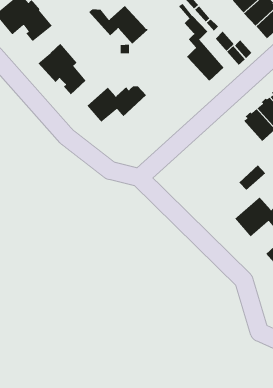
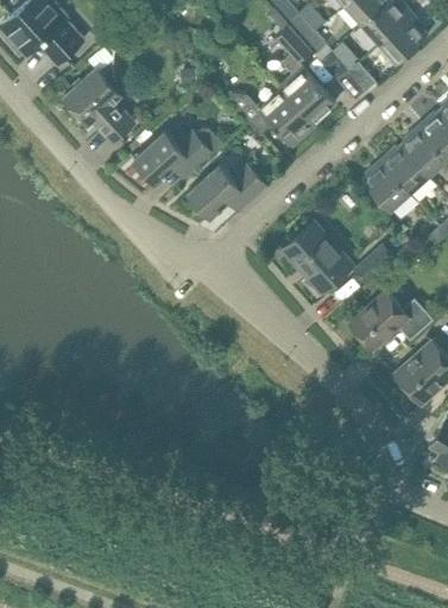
building: [88,5,149,44] -> [228,90,316,147]
building: none -> [189,164,267,217]
building: none -> [283,222,353,298]

